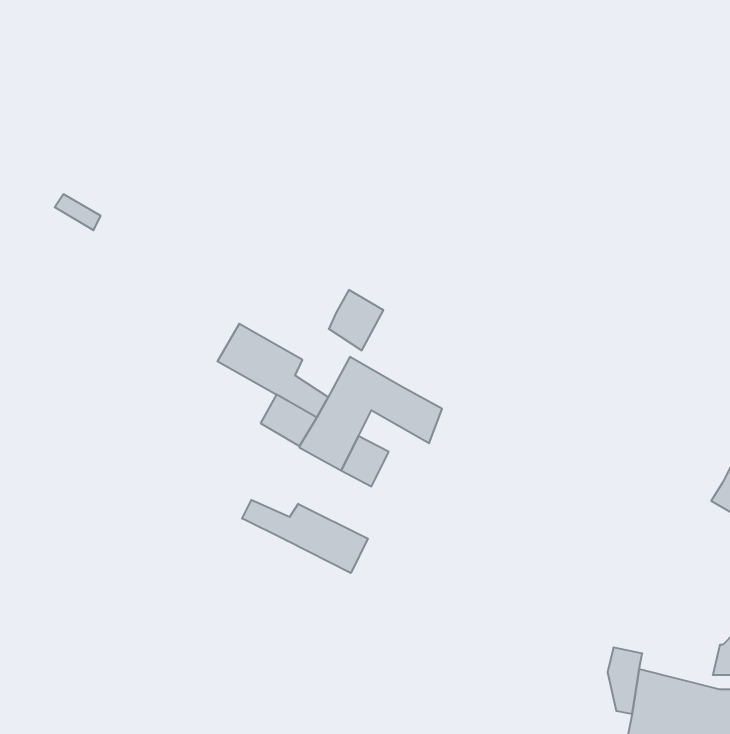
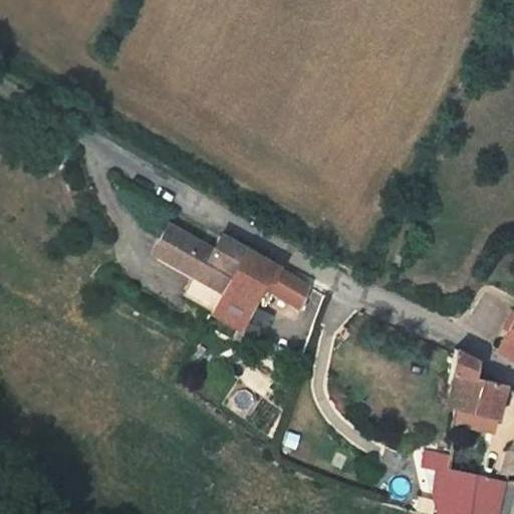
building: [329,290,383,350] -> [210,236,248,278]
building: none -> [449,349,507,432]
building: [242,500,368,573] -> none

